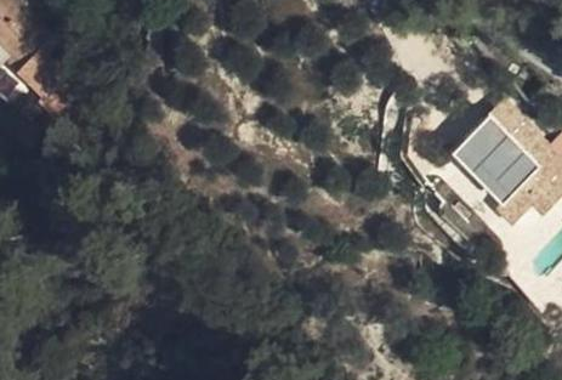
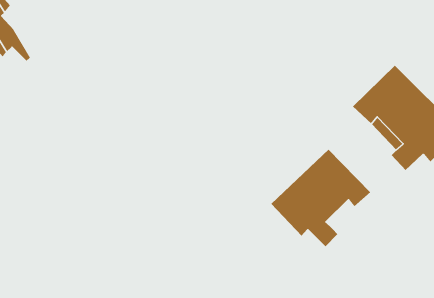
building: none -> [270,149,371,247]

